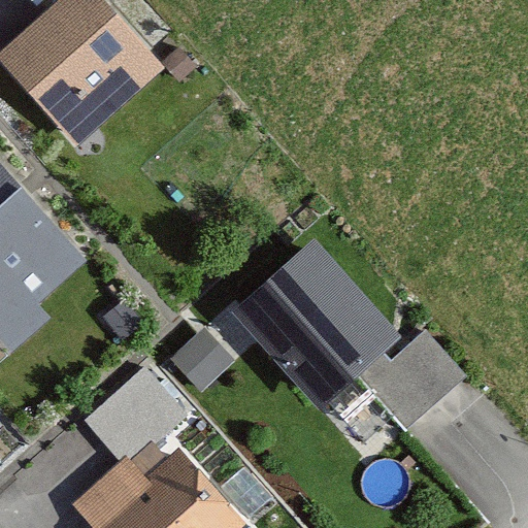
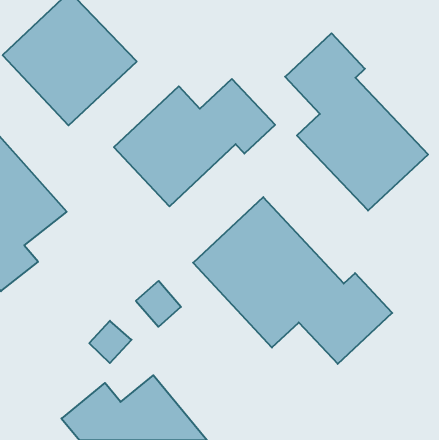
building: none -> [285,33,428,211]
building: none -> [114,79,275,206]

